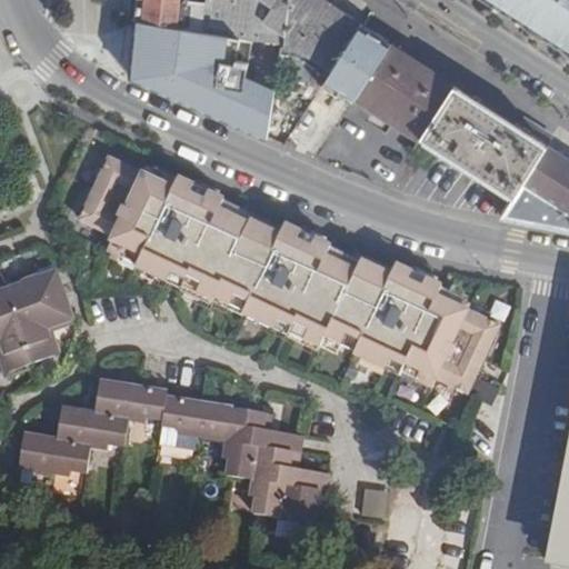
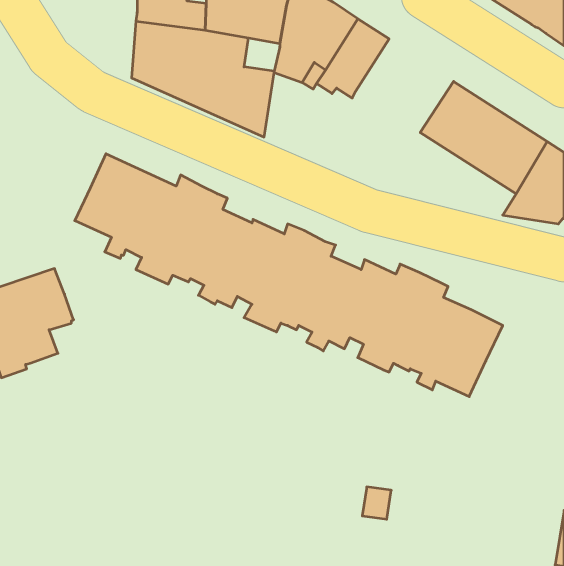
building: [355,39,452,132] -> none
building: [16,378,329,526] -> none

